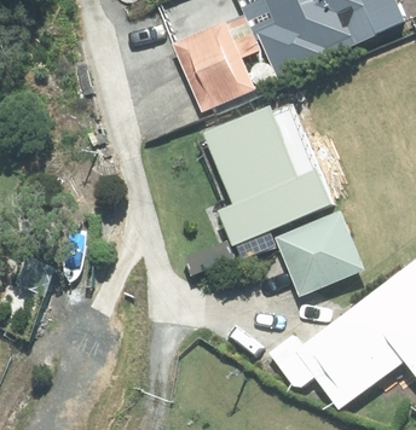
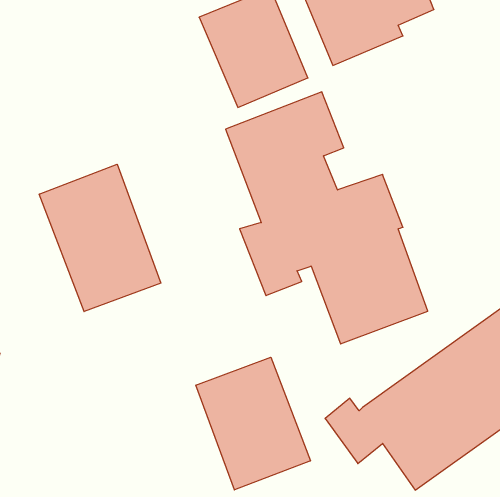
building: none -> [39,164,161,312]
building: none -> [196,357,310,490]

